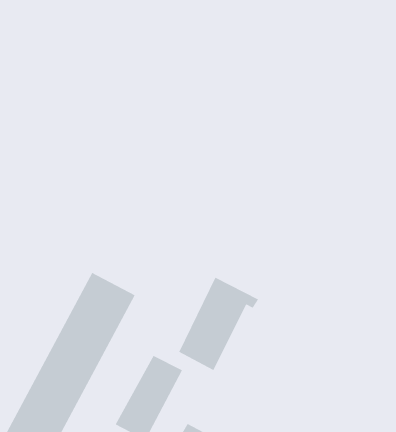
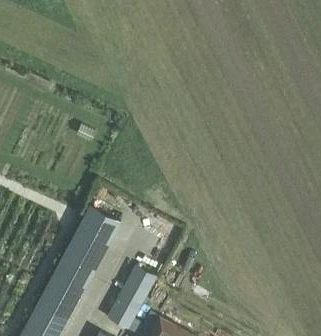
building: [179,277,259,371] -> none

